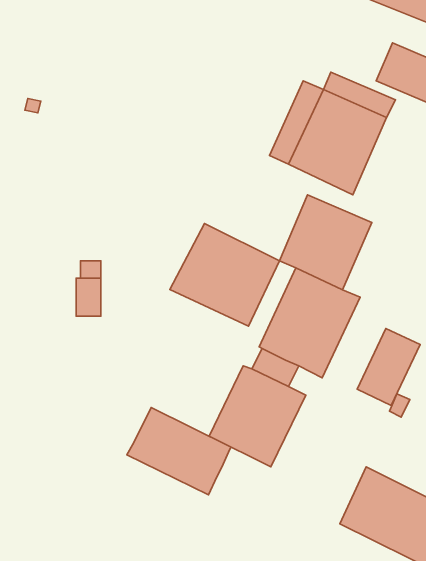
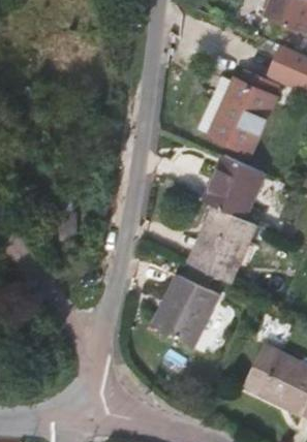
building: [170,224,280,326] -> none
building: [357,328,420,405] -> none
building: [127,407,231,495] -> none

